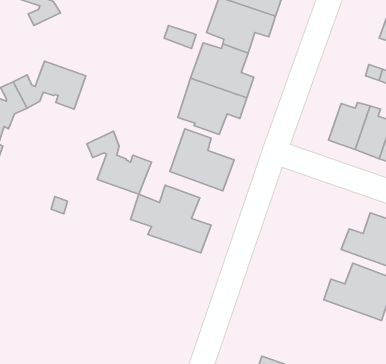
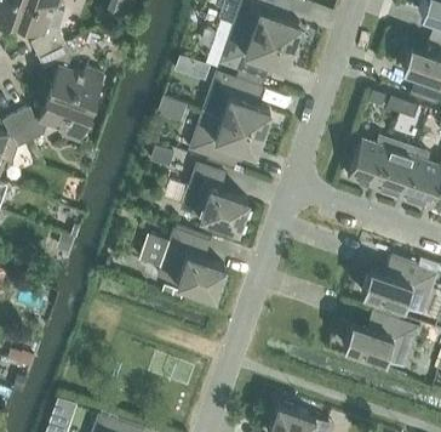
building: [87,131,151,194] -> [38,41,105,108]

